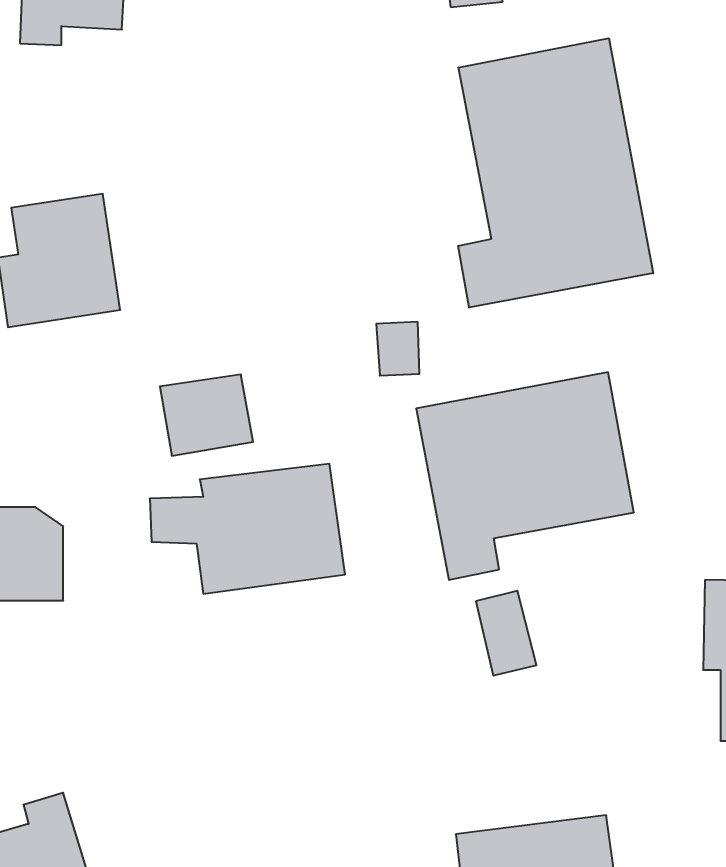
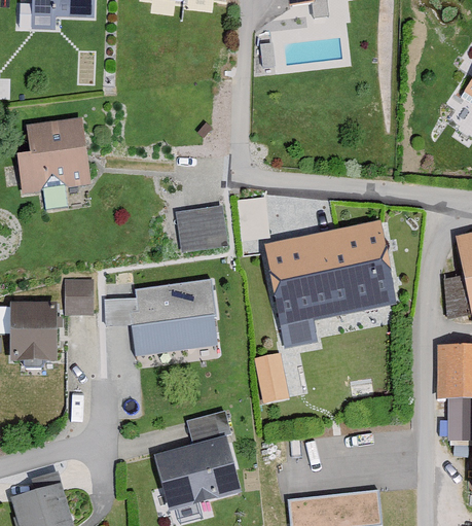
building: [458,38,653,308] -> none
building: [160,374,253,456] -> [172,206,227,254]
building: none -> [63,281,92,316]
building: [476,591,536,676] -> [257,351,293,401]
building: none -> [153,415,238,512]

